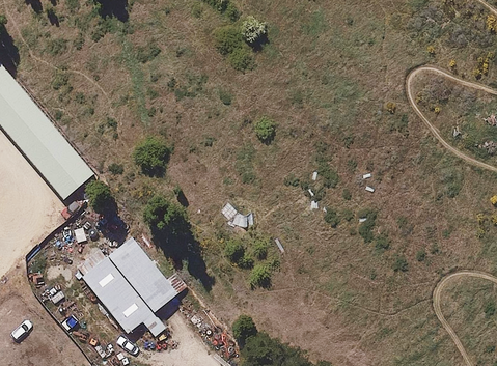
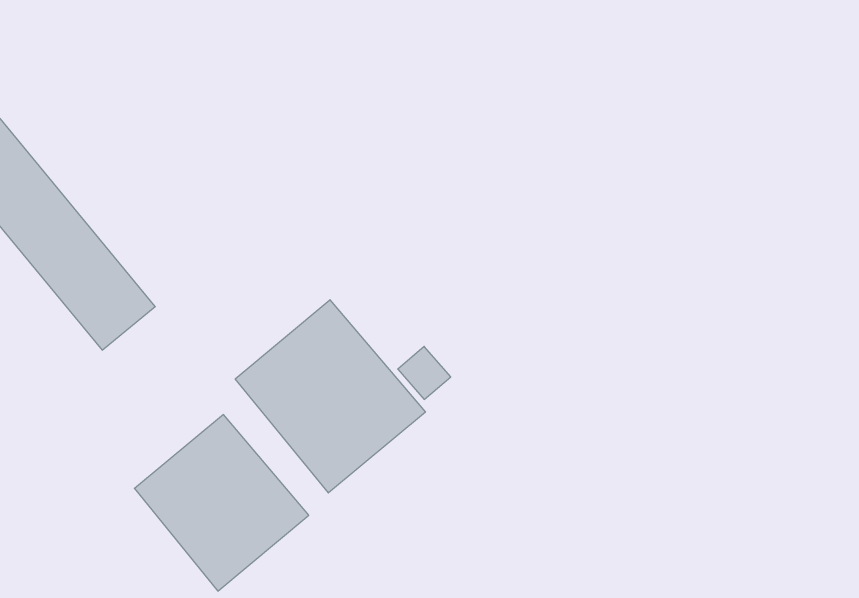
building: none -> [235,300,425,493]

